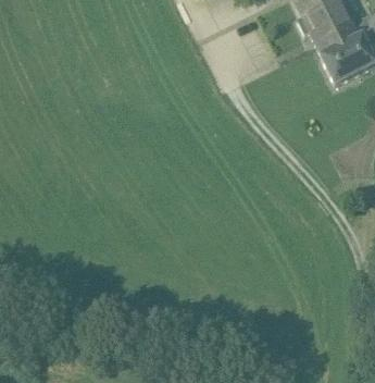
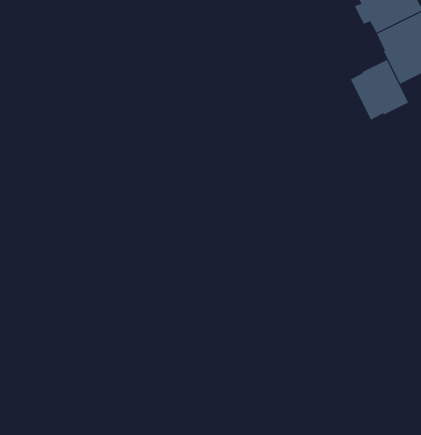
building: none -> [350,59,409,121]

